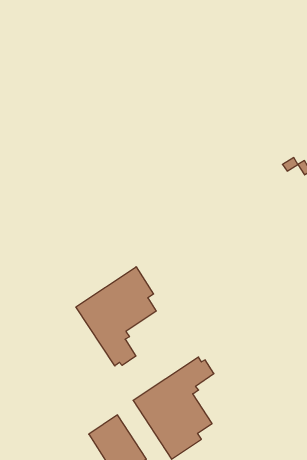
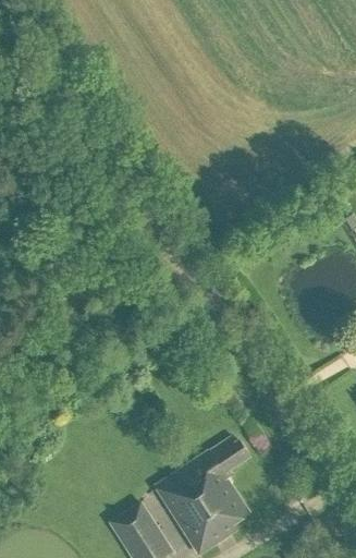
building: [76,267,156,366] -> none

